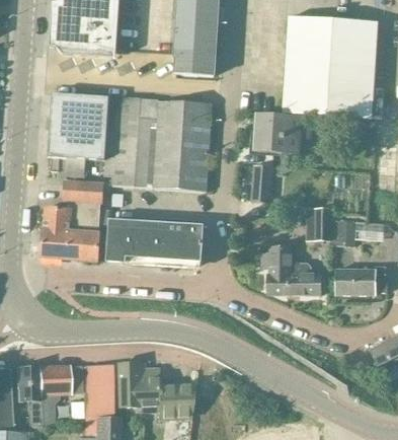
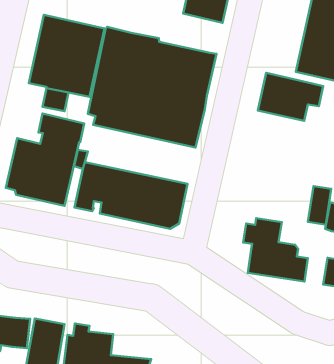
building: [252,165,273,203] -> none

